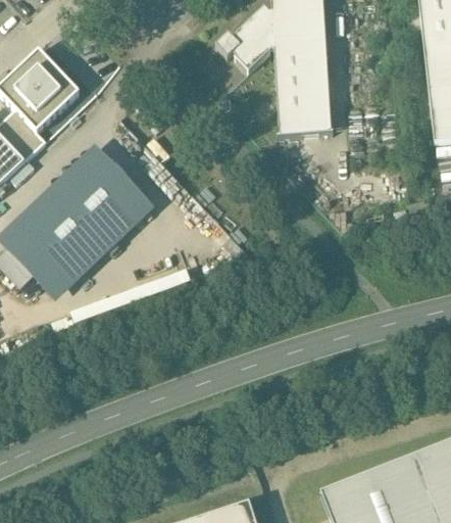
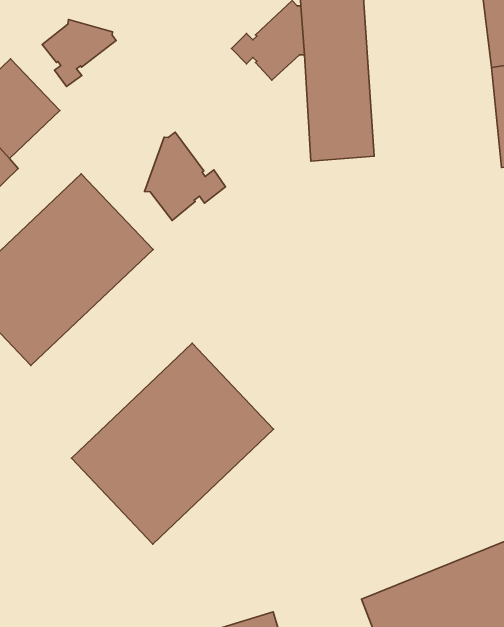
building: none -> [42,20,116,86]
building: none -> [145,132,225,221]
building: none -> [71,343,274,544]

